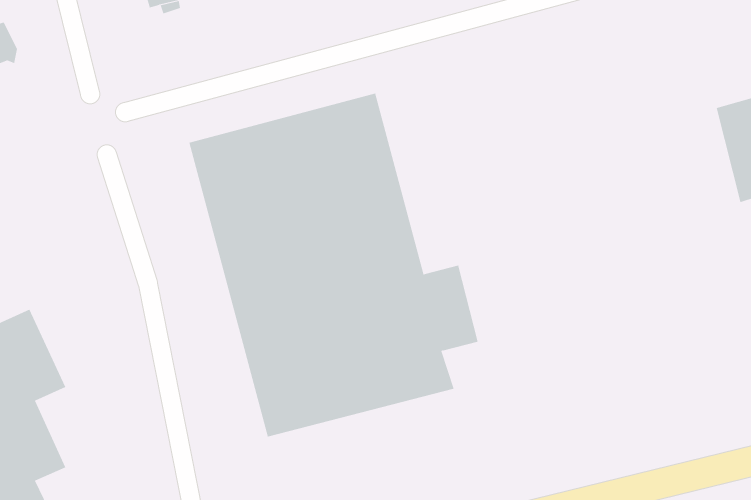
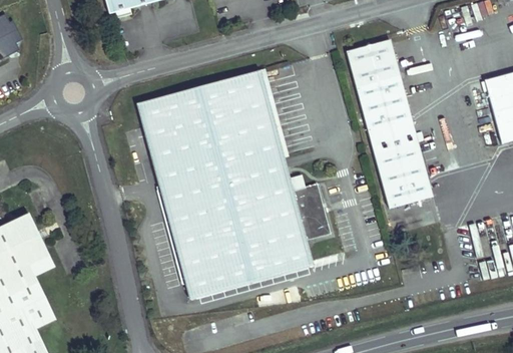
building: none -> [346,39,429,204]

